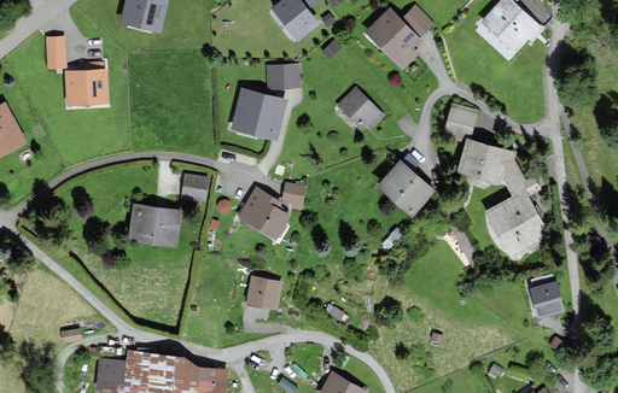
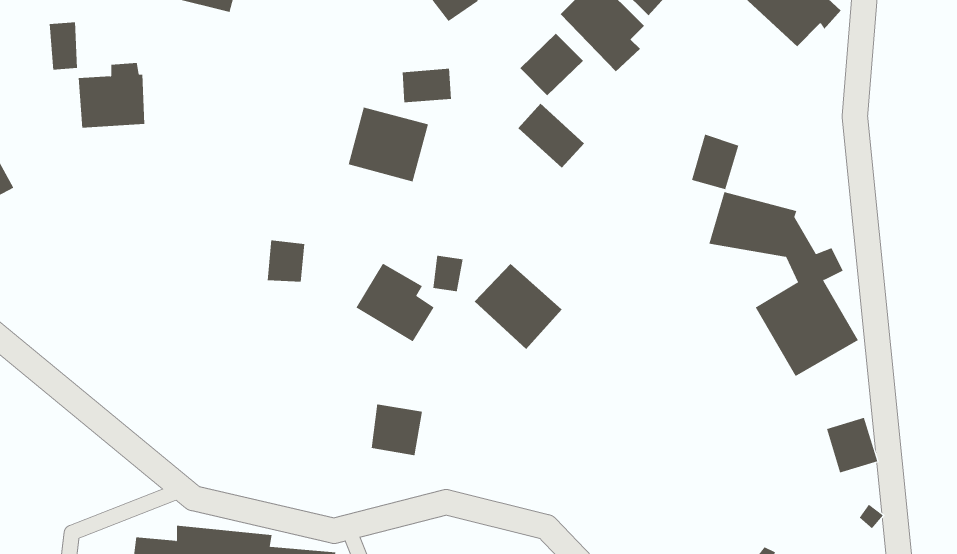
building: none -> [519,33,584,96]
building: [377,162,432,216] -> [474,263,563,350]
building: [129,205,181,245] -> none

